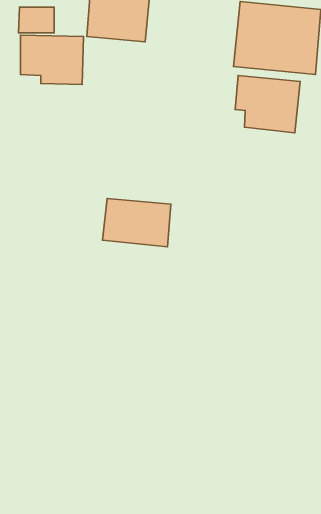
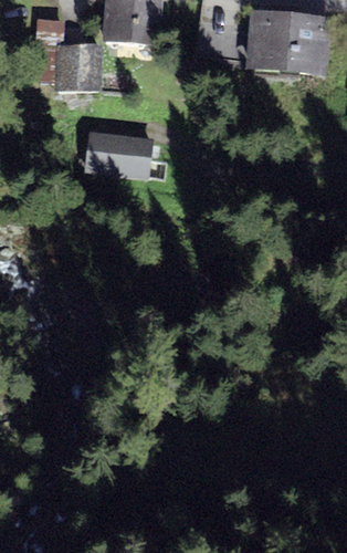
building: [235,75,300,133] -> none
building: [103,199,171,247] -> [82,126,149,174]

